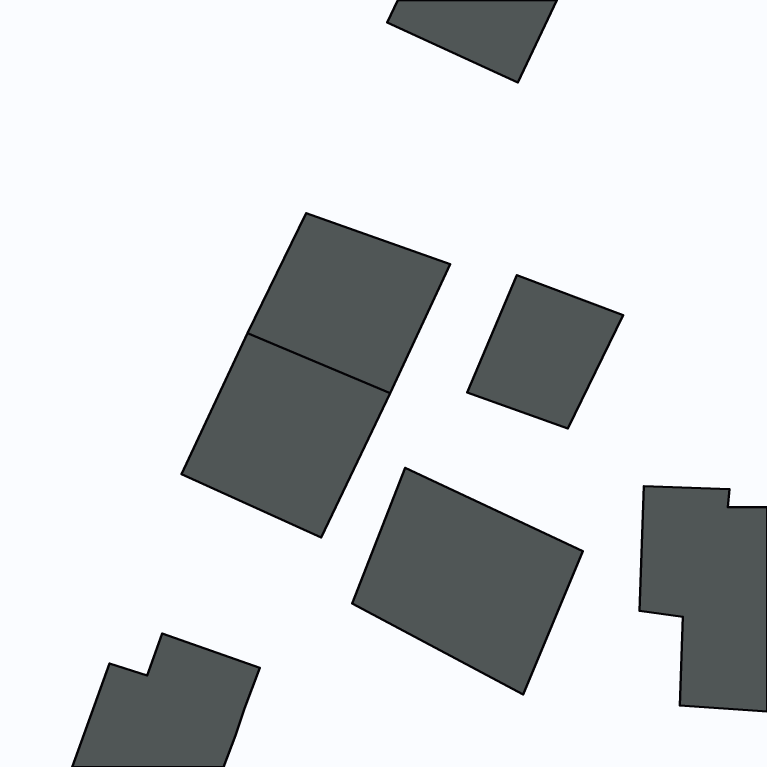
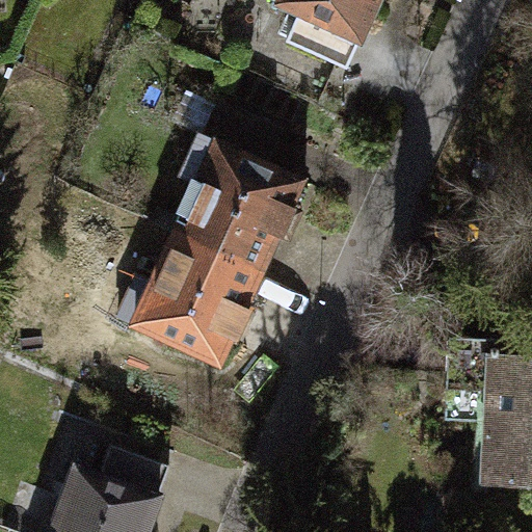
building: [467,275,623,428] -> none
building: [352,468,583,694] -> none

